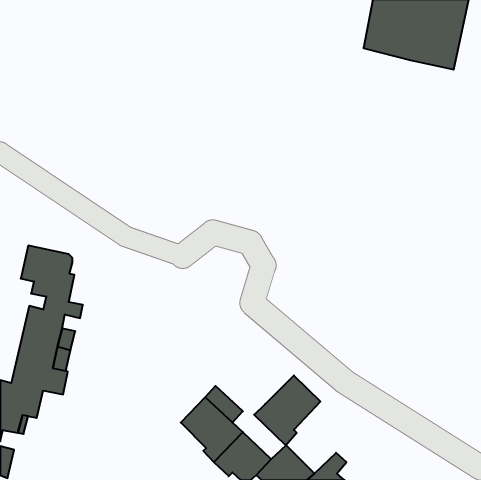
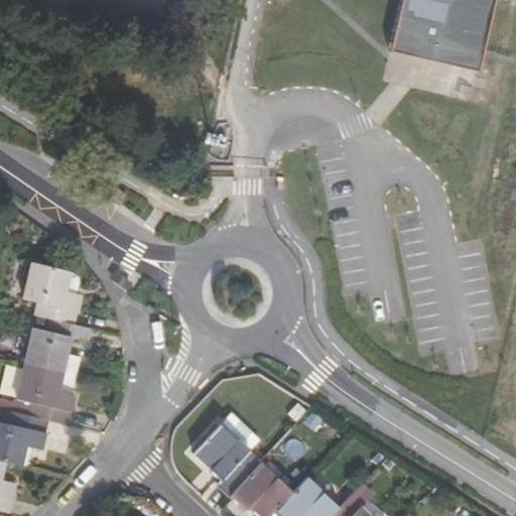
building: [254,375,320,445] -> none

